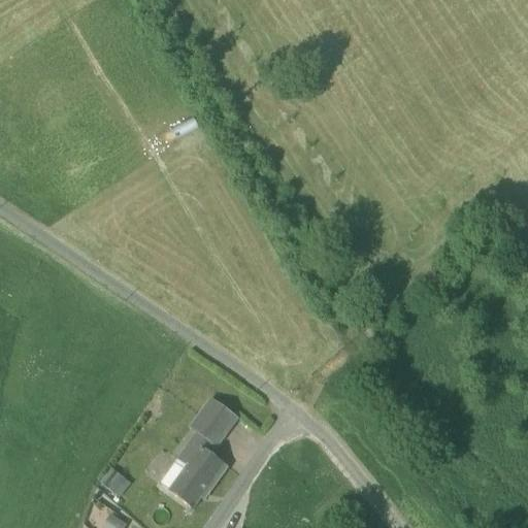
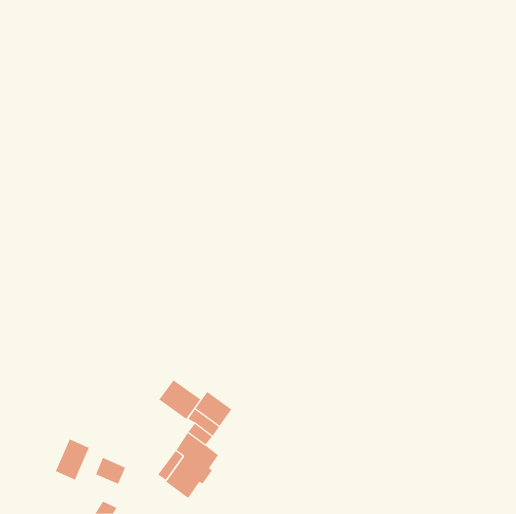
building: none -> [159,379,201,420]
building: none -> [55,438,90,480]

